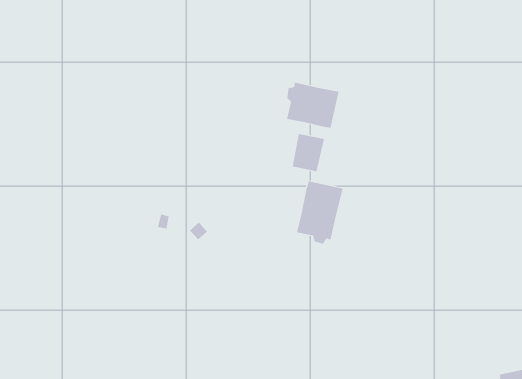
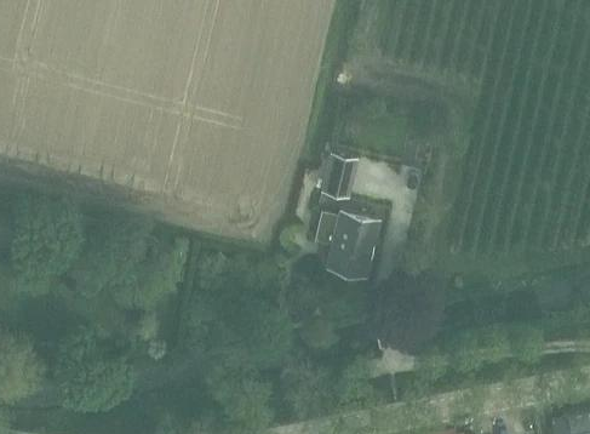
building: [286,82,339,129] -> none

